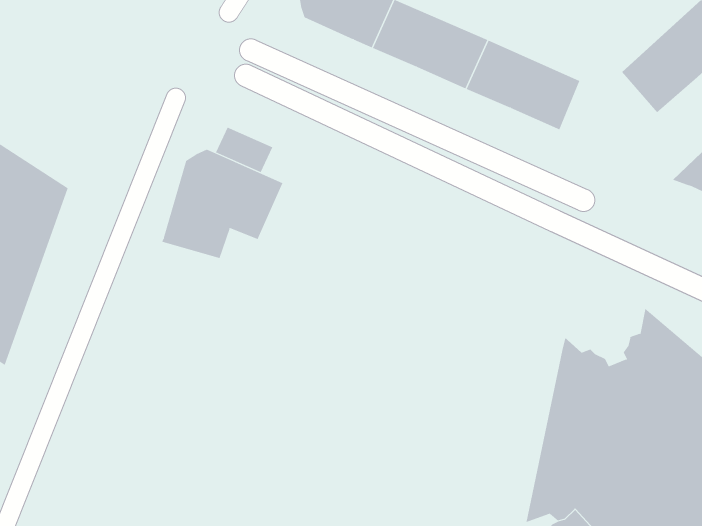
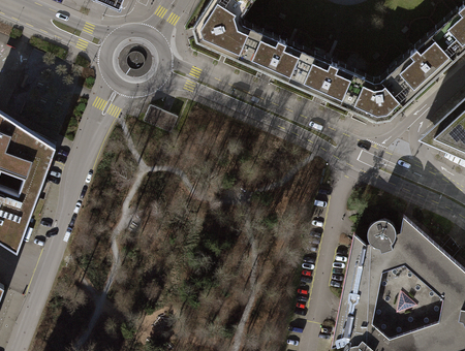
building: none -> [352,74,411,121]
building: [162,149,283,259] -> none
building: none -> [368,220,395,252]

